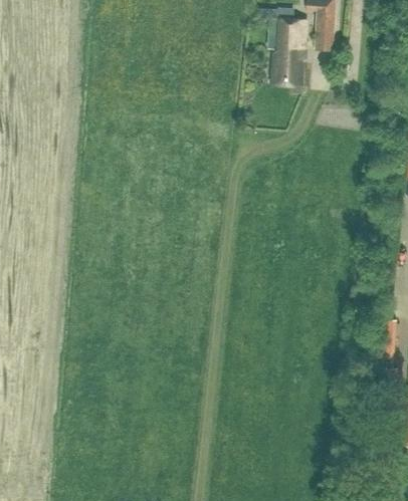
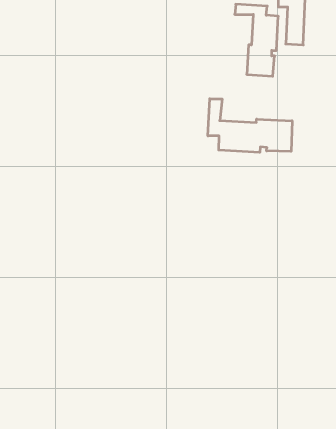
building: none -> [208,99,292,152]

